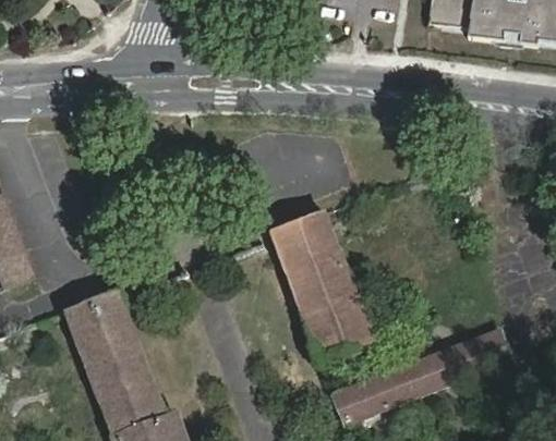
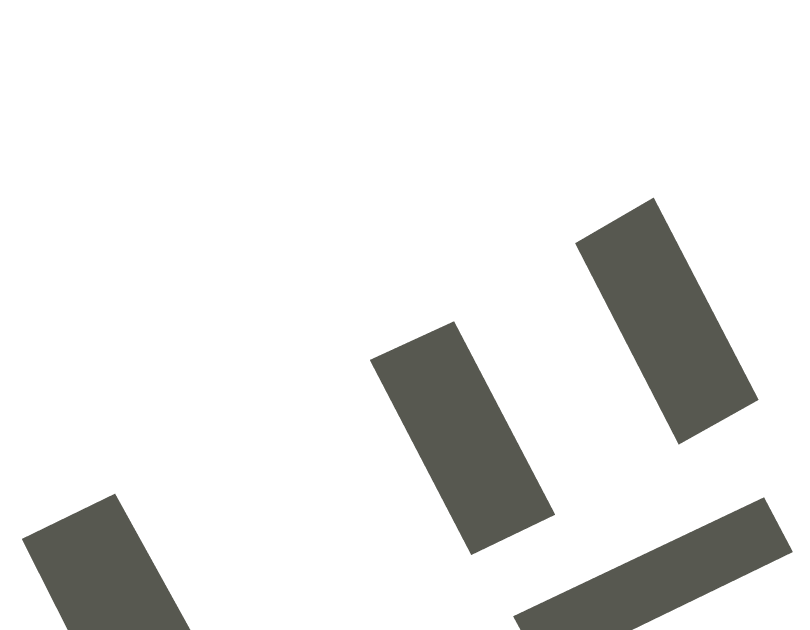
building: none -> [574,196,760,445]

